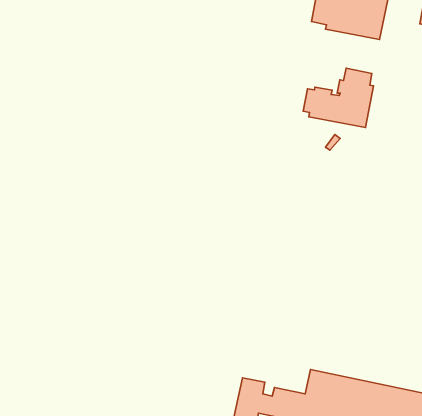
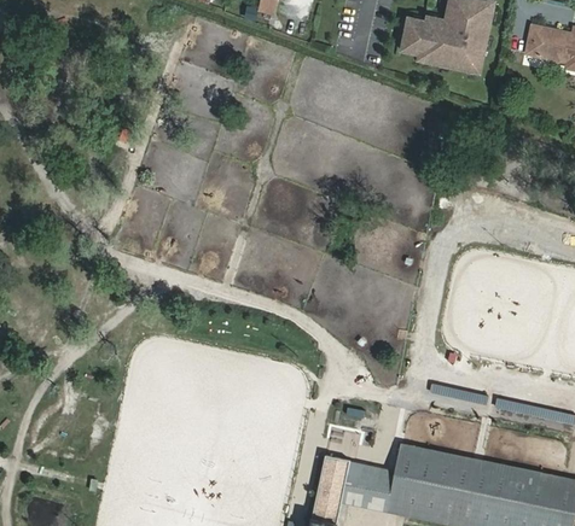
building: [303,68,374,127] -> none

